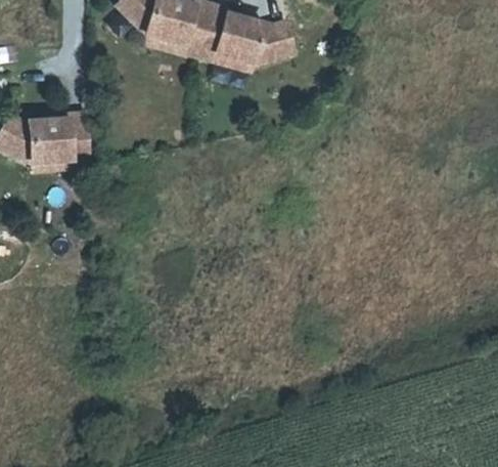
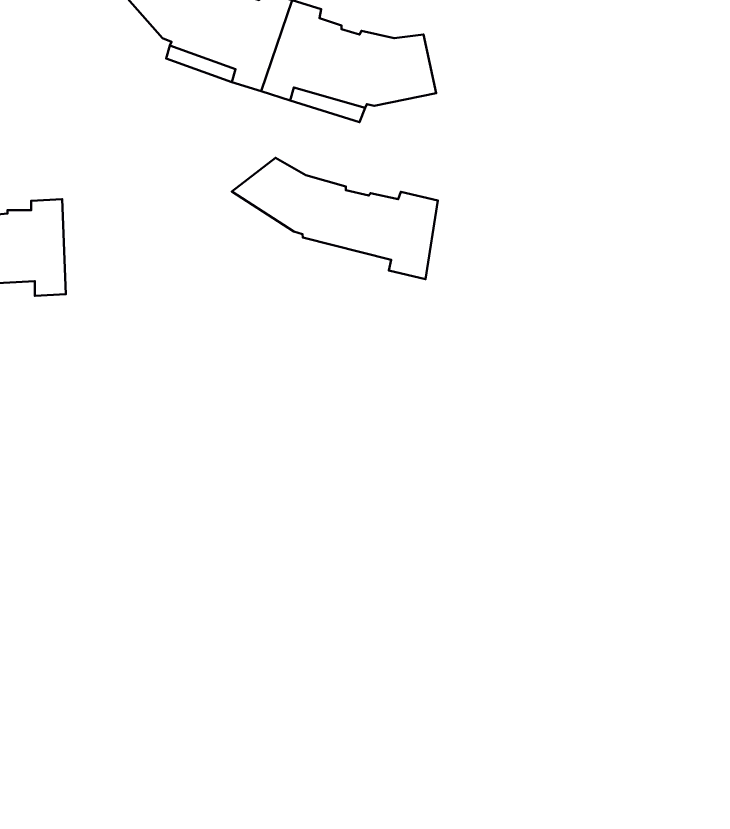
building: none -> [232,158,438,279]

